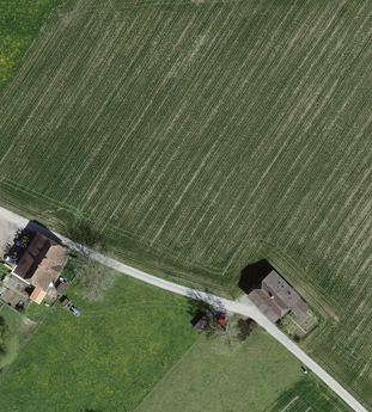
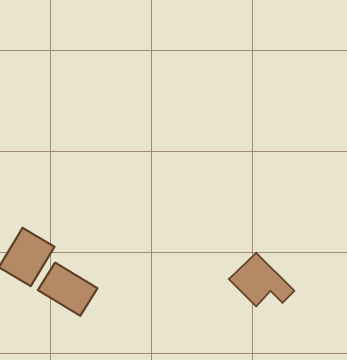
building: none -> [38,263,97,316]

